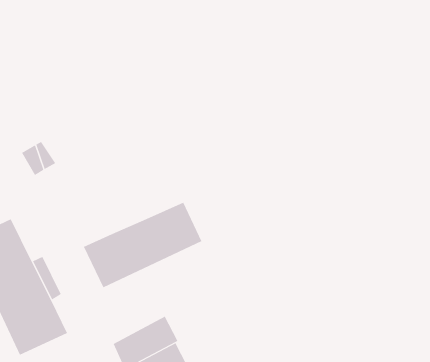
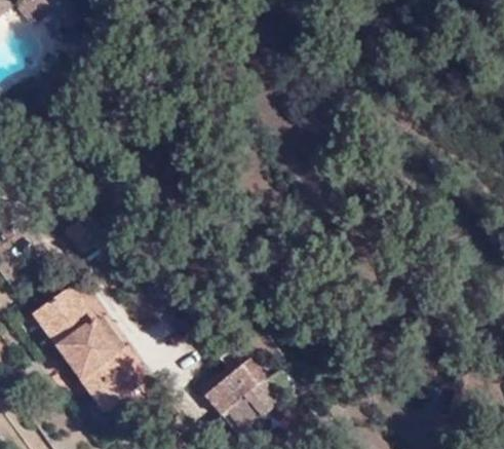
building: [83,202,202,288] -> none

